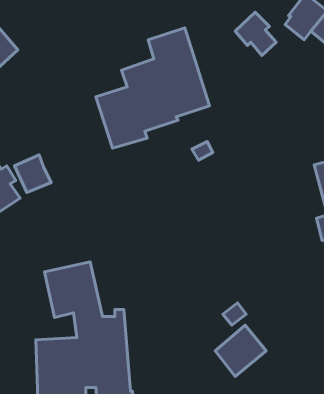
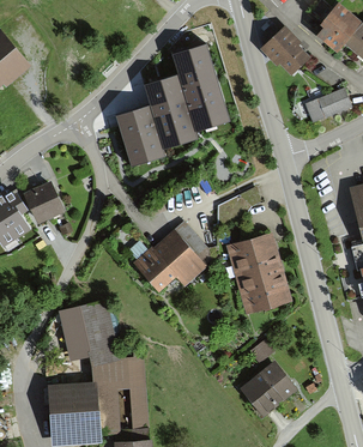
building: none -> [305,87,351,121]
building: none -> [134,219,214,291]
building: none -> [225,231,291,314]

